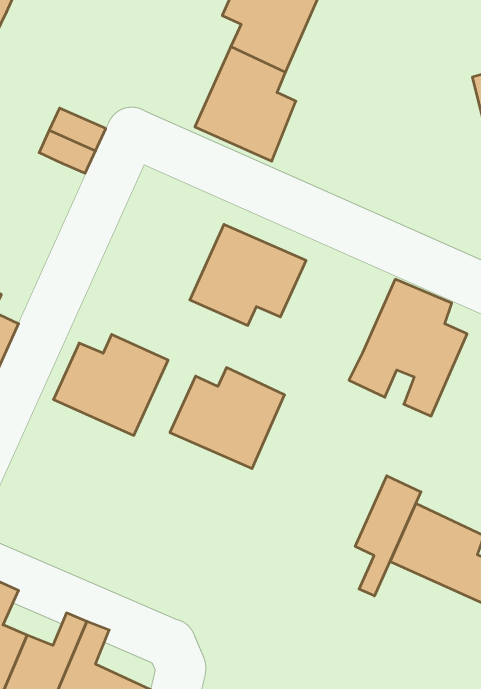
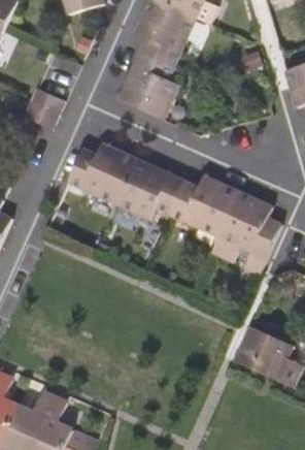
building: [53,334,168,435] -> [67,142,136,203]
building: [170,368,285,469] -> [170,174,239,235]
building: [355,476,421,596] -> none

